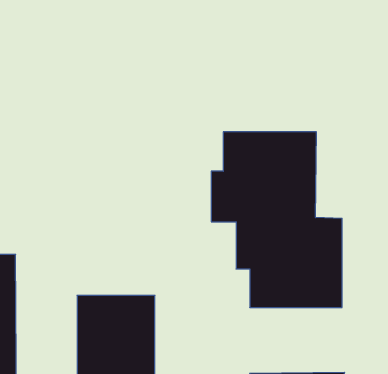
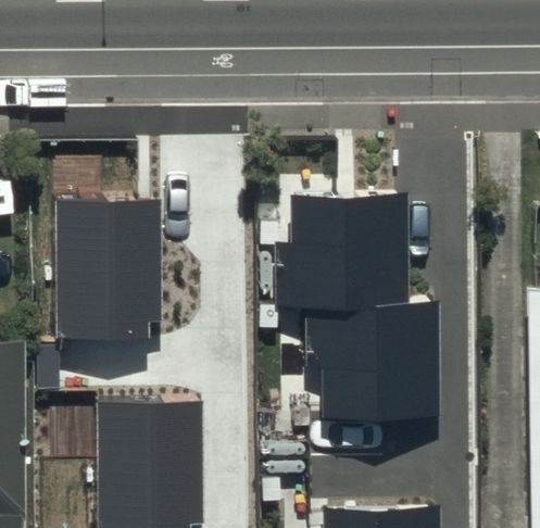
building: none -> [61,204,159,341]

